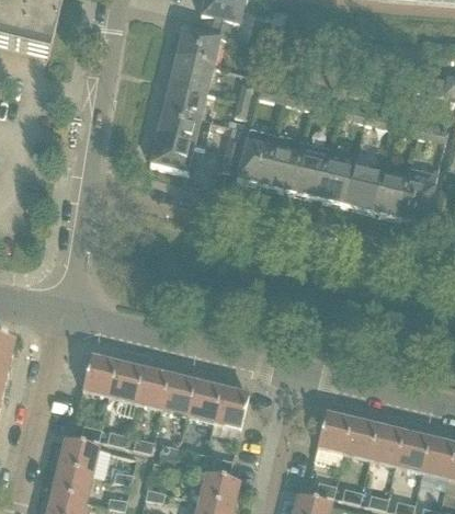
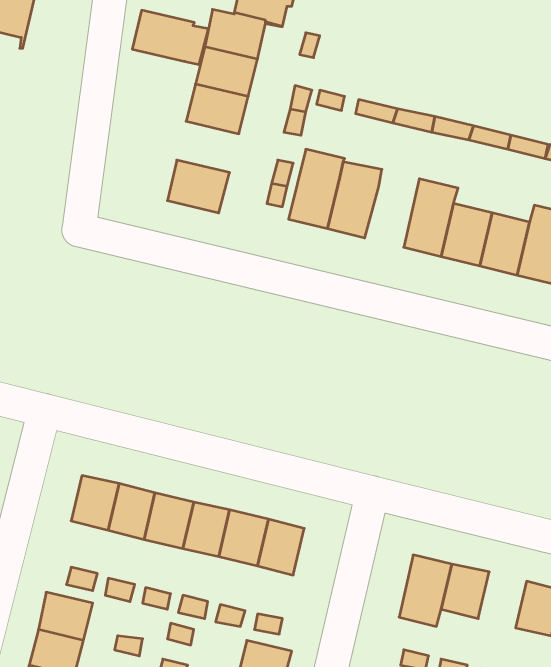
building: [157,106,211,145] -> [132,10,208,65]
building: [289,140,328,195] -> none
building: [369,424,403,464] -> none

